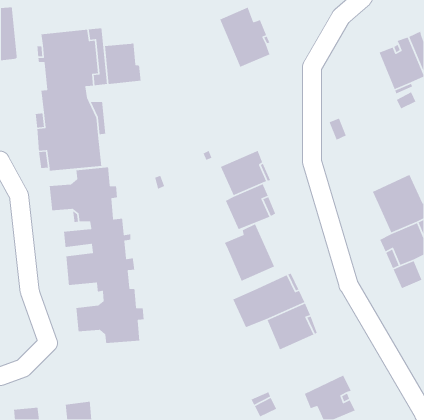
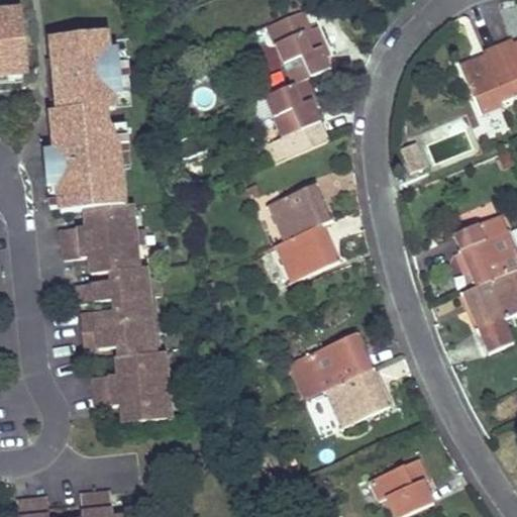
building: [104,43,142,85] -> none
building: none -> [263,77,327,163]
building: [224,223,275,282] -> none

